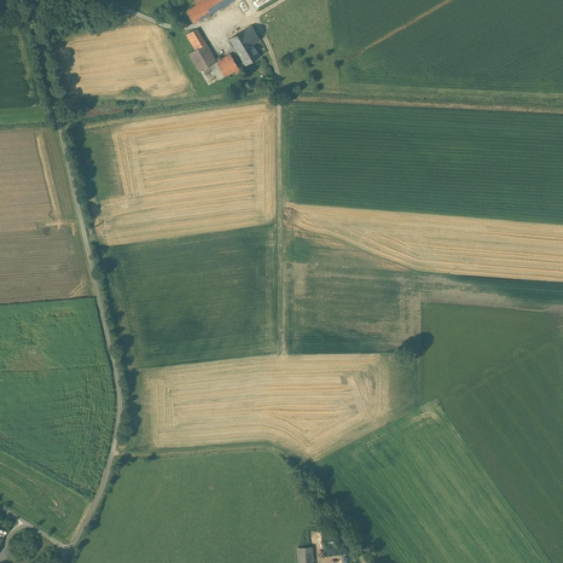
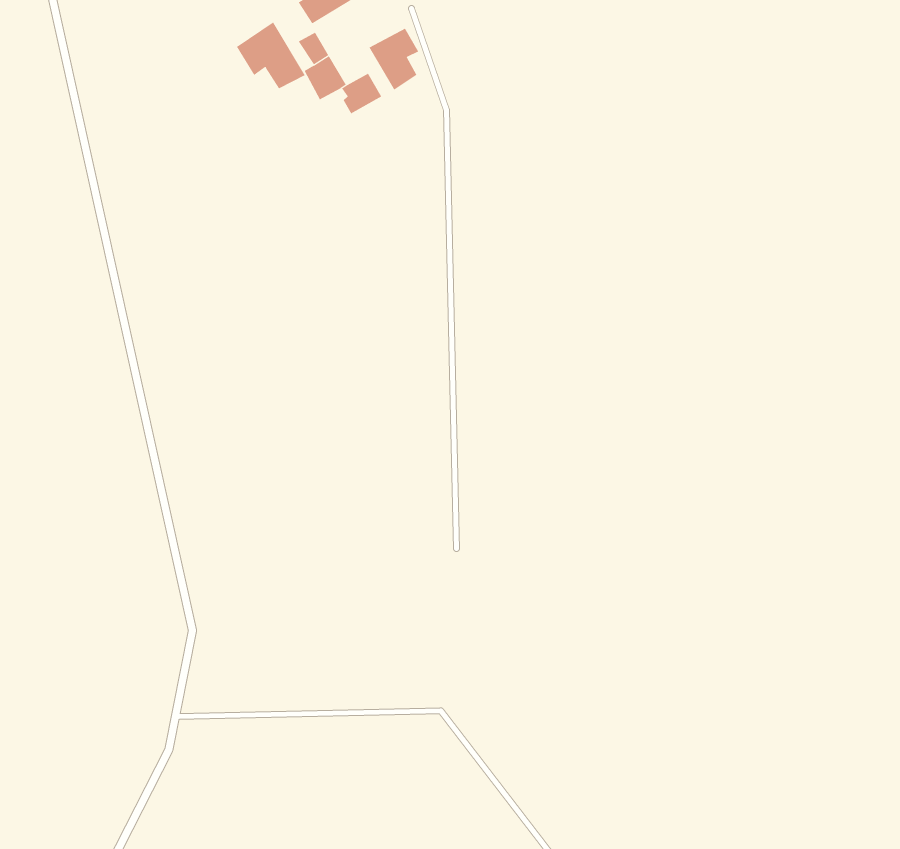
building: none -> [236,22,305,89]

